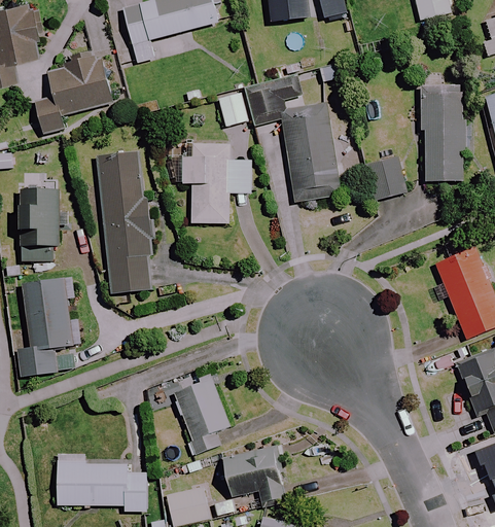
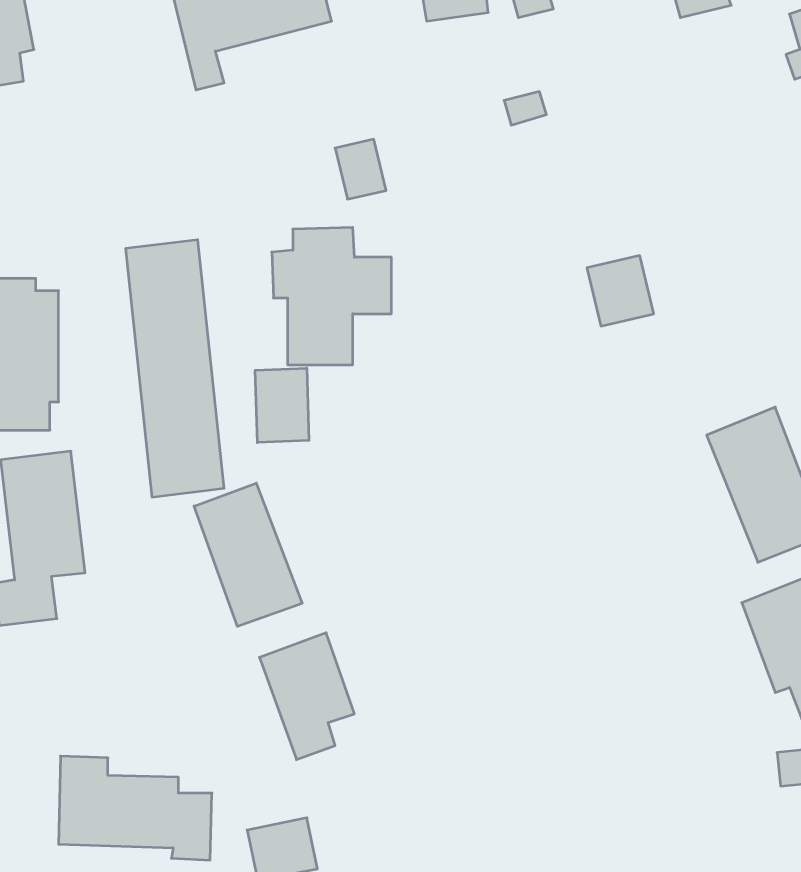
building: [34,49,114,133] -> none
building: [244,76,341,204] -> none
building: [421,89,462,180] -> none
building: none -> [255,368,309,443]
building: none -> [194,483,302,626]
building: [224,447,281,499] -> none

